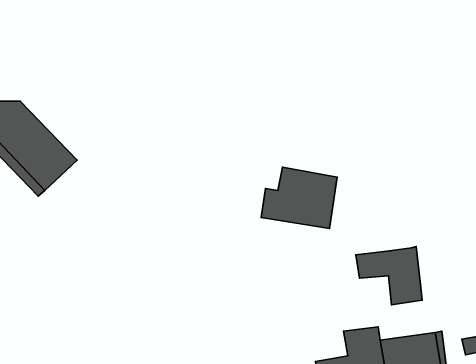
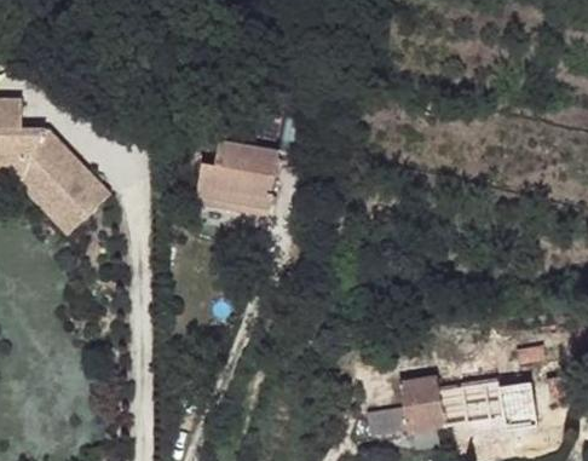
building: [261,167,337,229] -> [196,142,278,208]
building: [356,246,422,305] -> none

